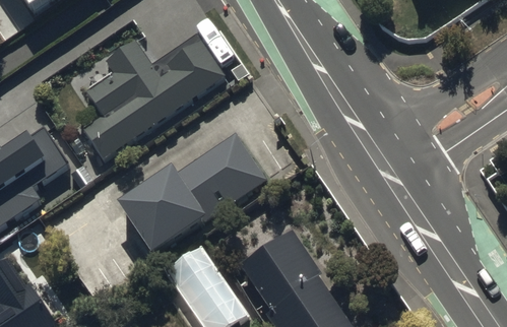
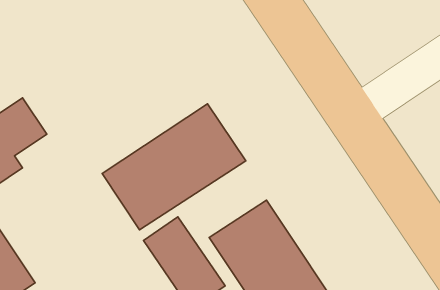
building: [76,36,229,167] -> none

